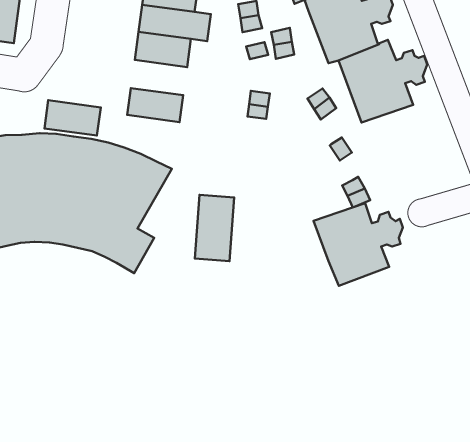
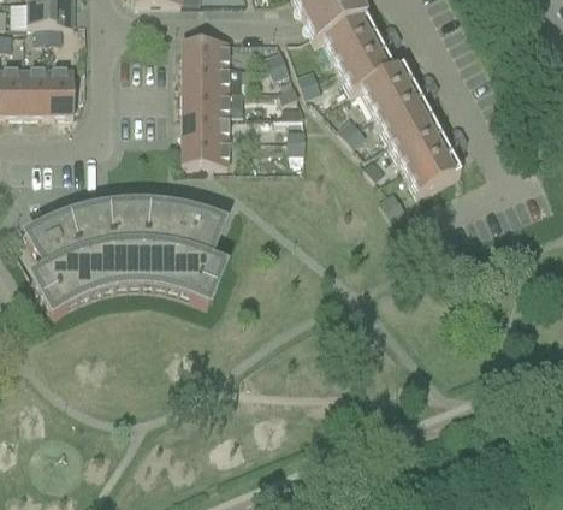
building: [44,100,101,136] -> [182,118,229,143]
building: [195,195,234,261] -> none
building: [313,203,403,286] -> [389,124,468,200]

